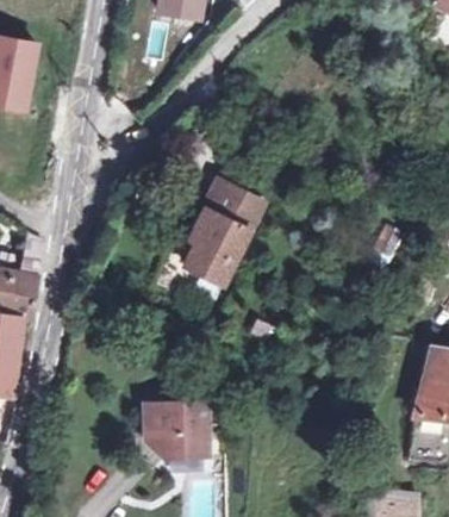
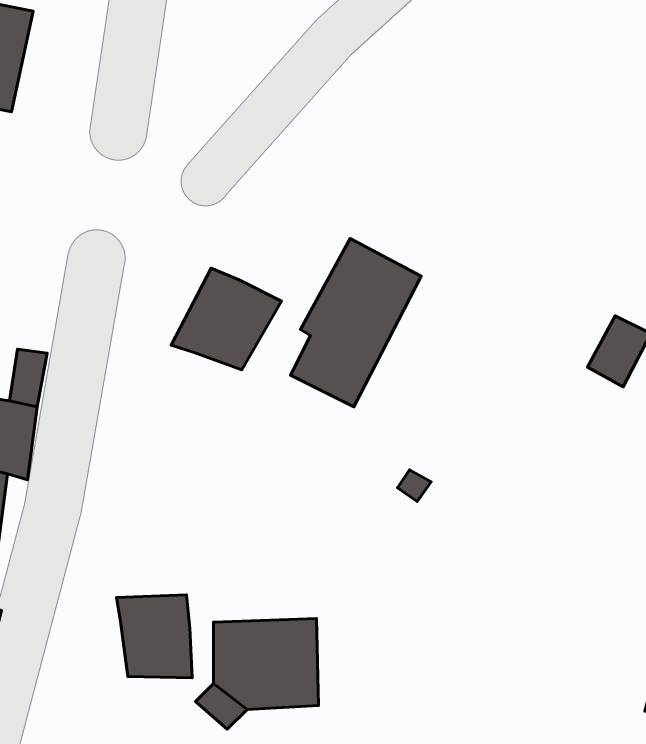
building: none -> [171,268,281,370]
building: none -> [116,595,192,678]

